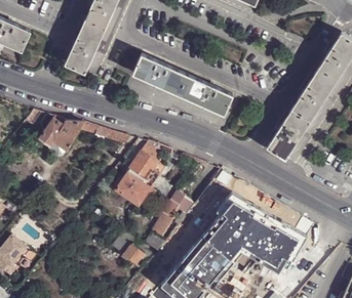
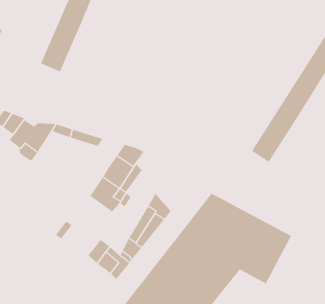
building: [135,55,235,116] -> none

